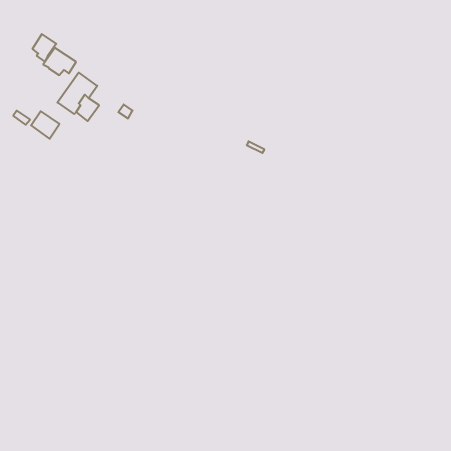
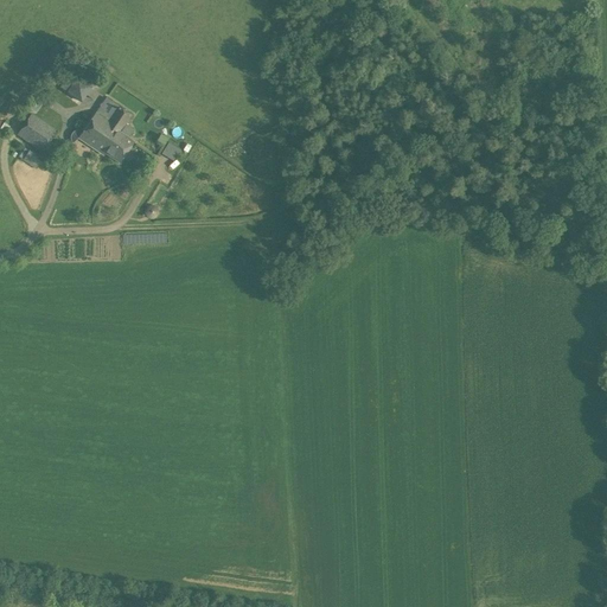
building: [33,34,56,61] -> none
building: [31,111,59,139] -> [17,114,55,151]

